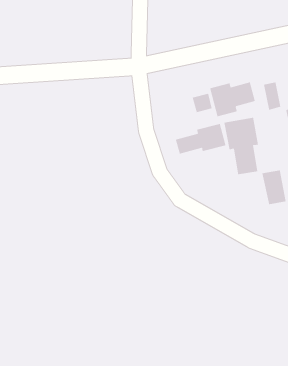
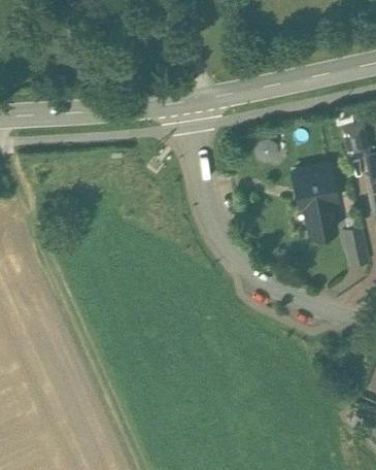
building: [209,81,255,117] -> none
building: [175,123,226,154] -> none

